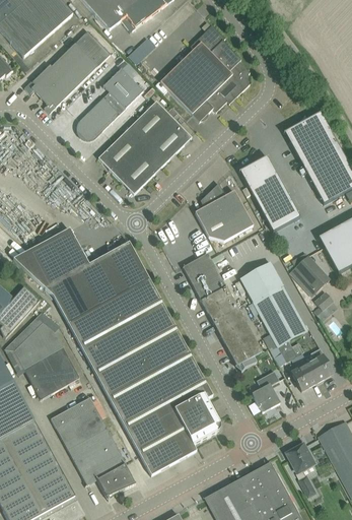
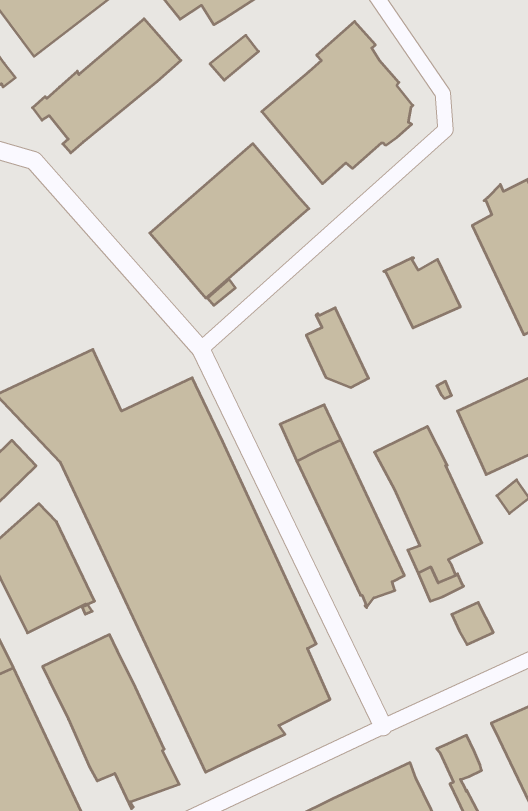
building: [76,68,143,140] -> none
building: [211,183,253,236] -> none
building: [258,190,299,232] -> none
building: [302,347,332,382] -> none
building: [252,369,280,411] -> none

